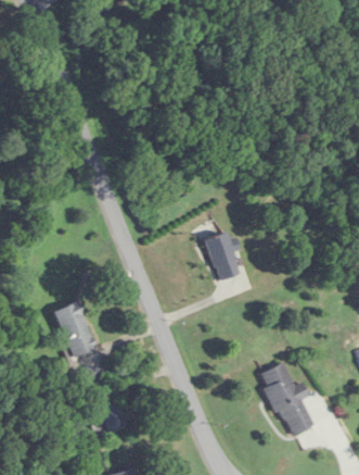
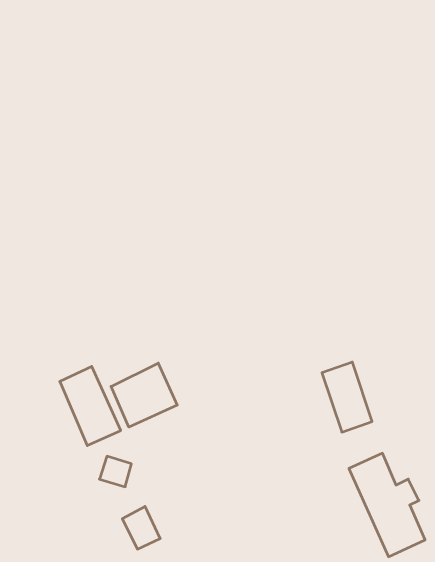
building: [205,232,241,282] -> [322,362,372,432]
building: none -> [111,363,177,427]

